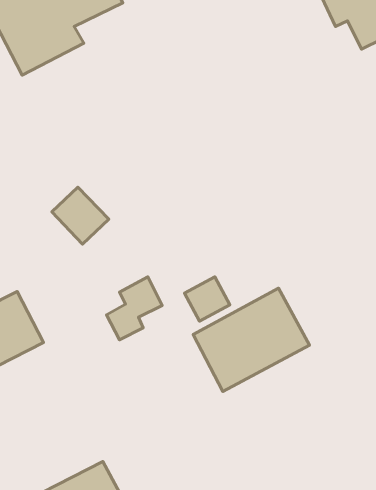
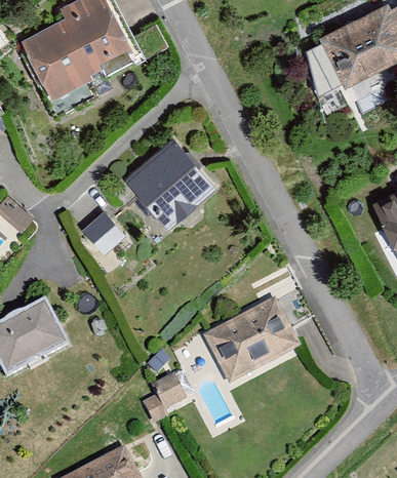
building: none -> [124,137,216,229]
building: [106,277,162,340] -> [137,371,186,426]
building: [184,277,230,321] -> none

